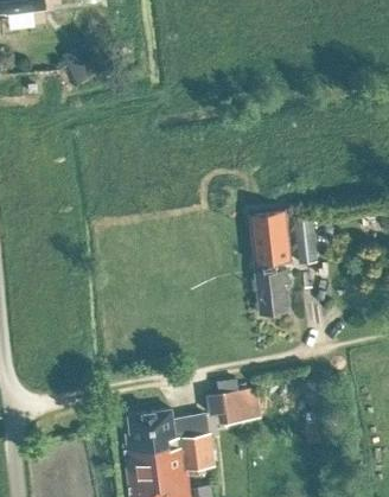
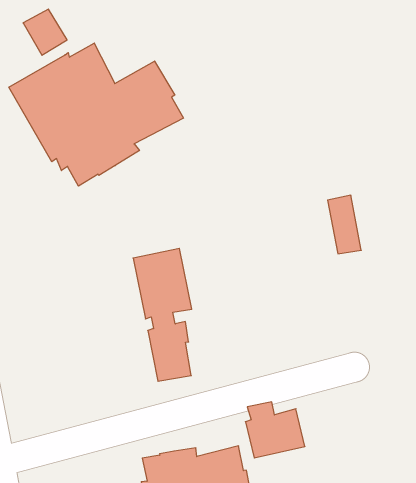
building: none -> [9,43,183,186]
building: [248,210,292,316] -> [133,248,192,381]

